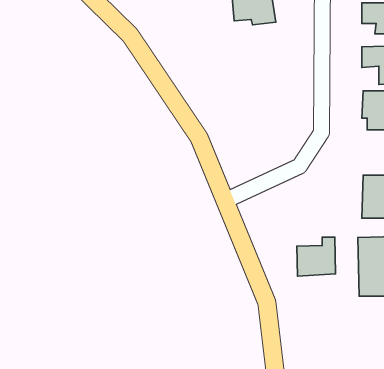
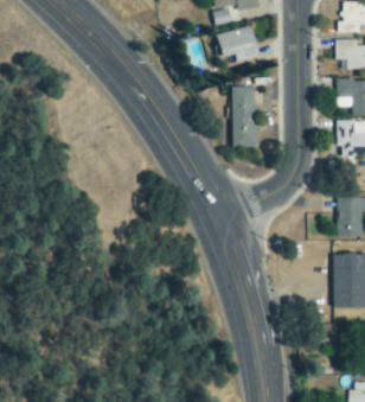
building: none -> [232,85,257,147]
building: [297,237,336,276] -> none

